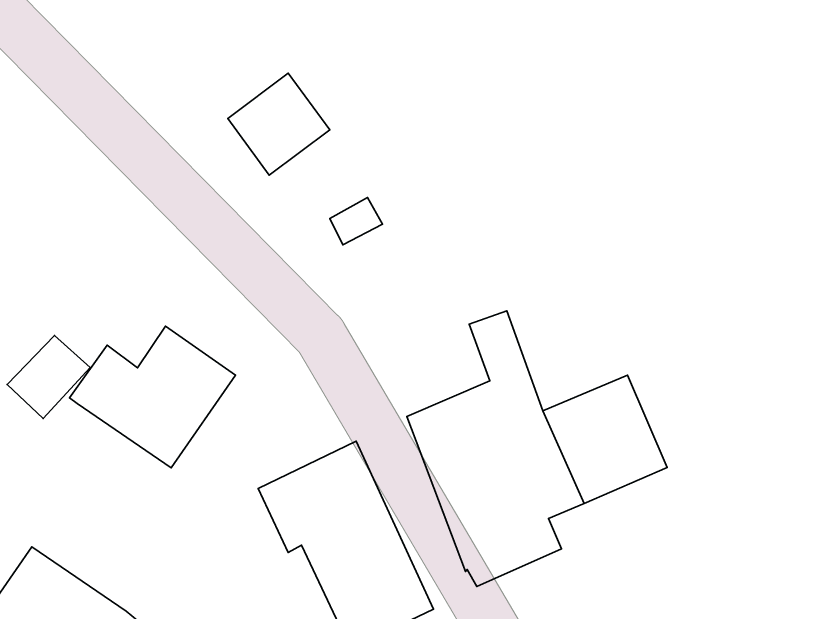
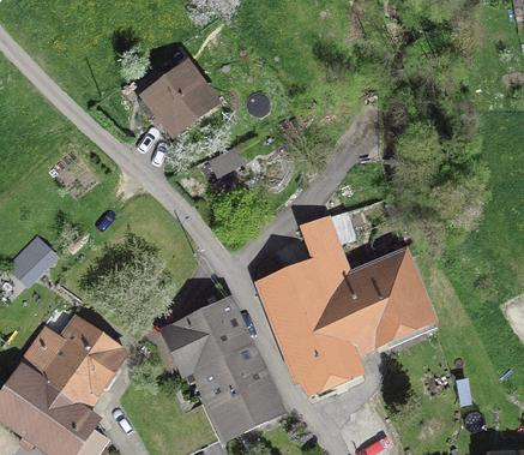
building: [69,326,235,468] -> [17,321,122,411]

